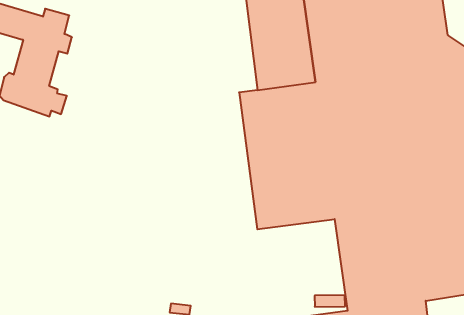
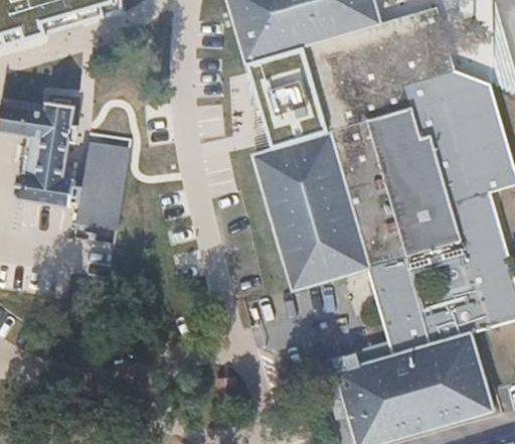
building: none -> [75,144,127,232]

